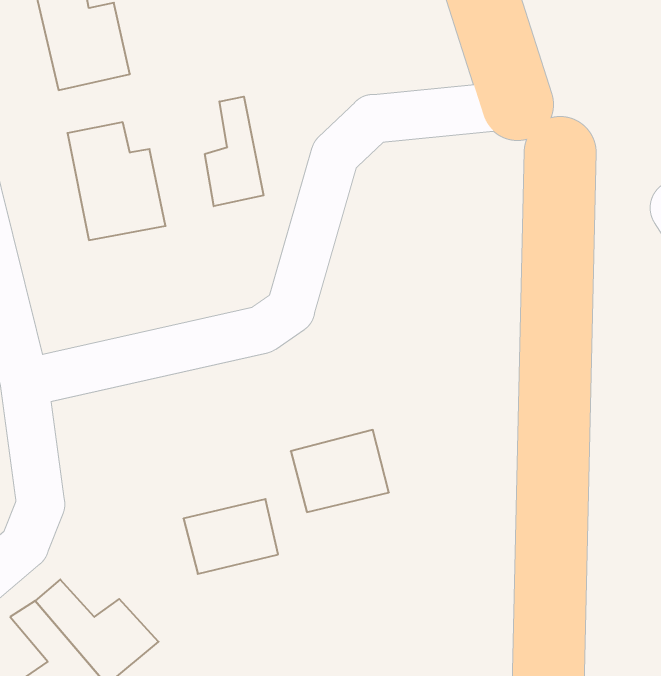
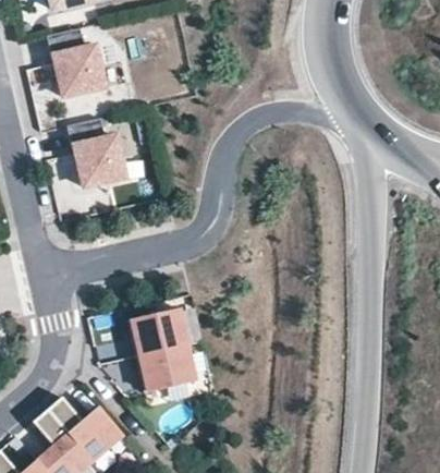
building: [205,97,264,206] -> none
building: [291,430,389,512] -> [127,310,187,360]

